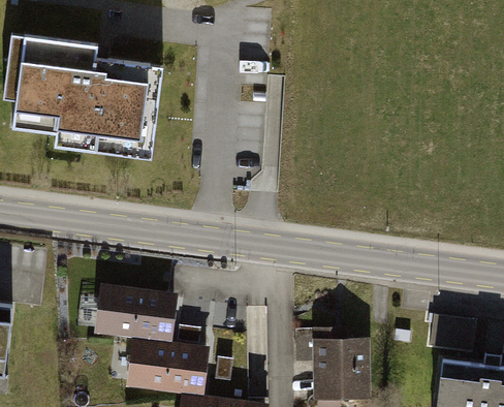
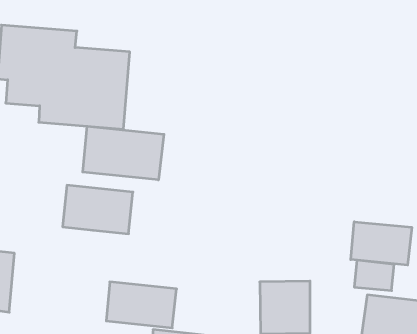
building: none -> [83,126,164,180]
building: none -> [351,222,412,265]
building: [95,285,179,343] -> [63,185,133,234]

